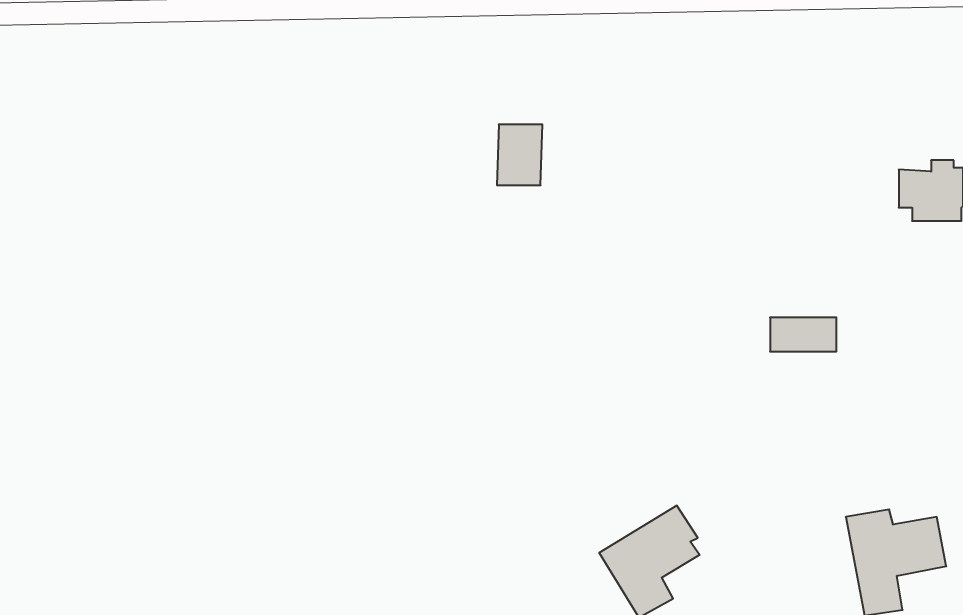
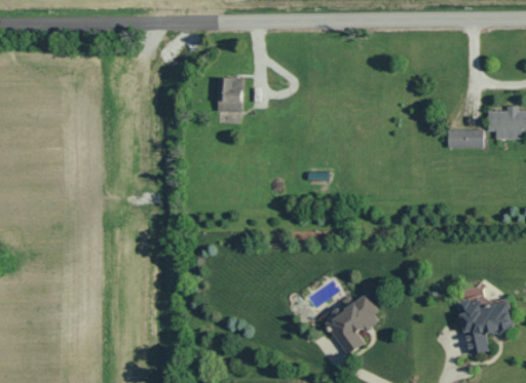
building: [497,124,542,185] -> [217,79,241,112]
building: [770,317,836,352] -> [446,130,482,149]

